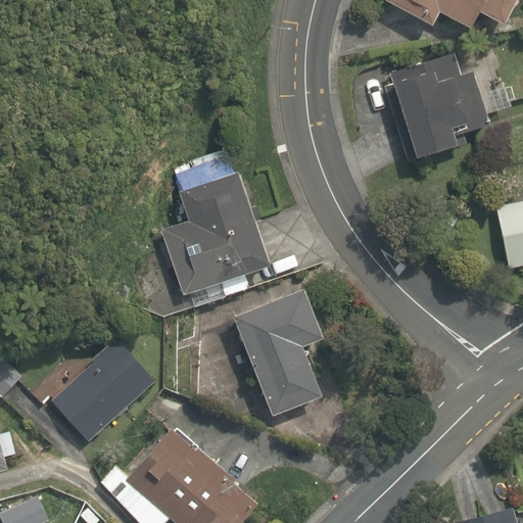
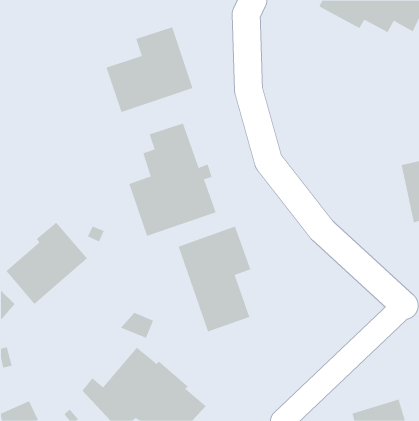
building: none -> [106,26,193,113]
building: [378,46,501,179] -> none
building: [54,339,156,442] -> [5,222,88,305]

